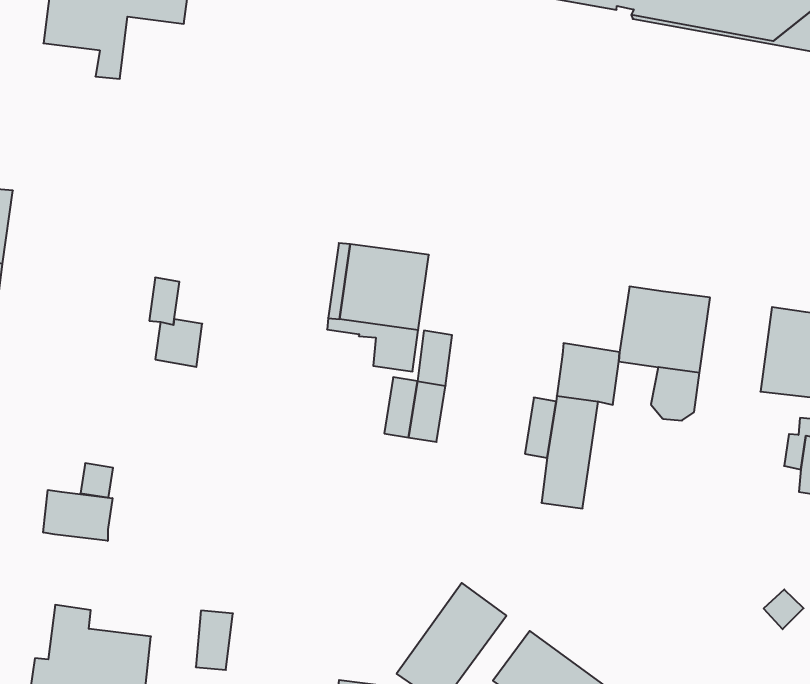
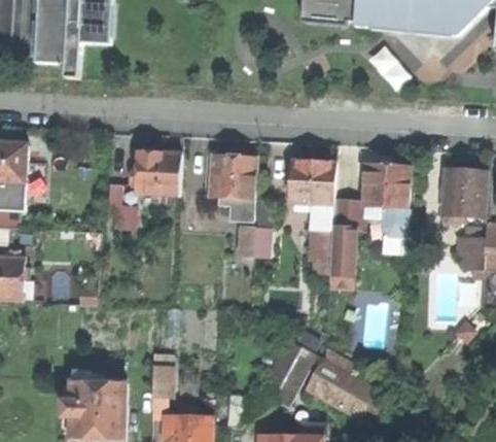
building: none -> [136,152,181,197]
building: none -> [289,162,334,206]
building: [43,490,112,541] -> none

